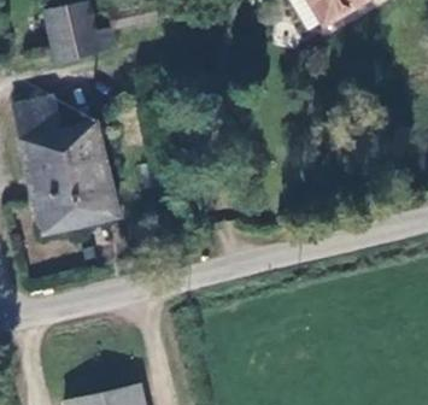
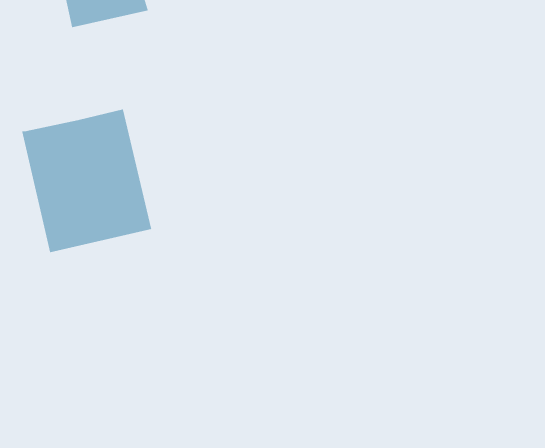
building: [13,98,61,140] -> none

